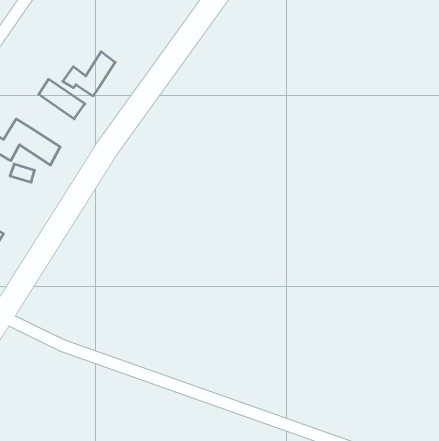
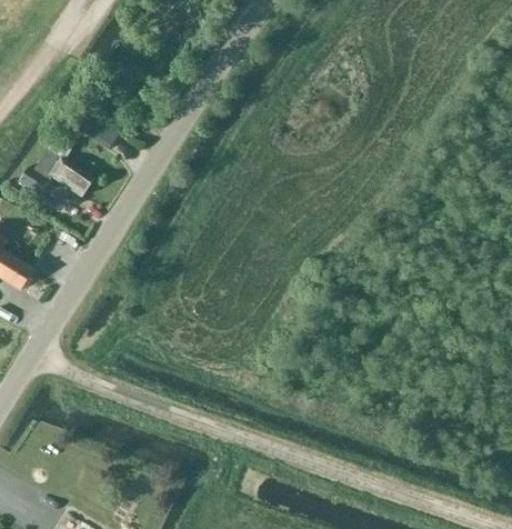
building: [63,52,115,96] -> none

